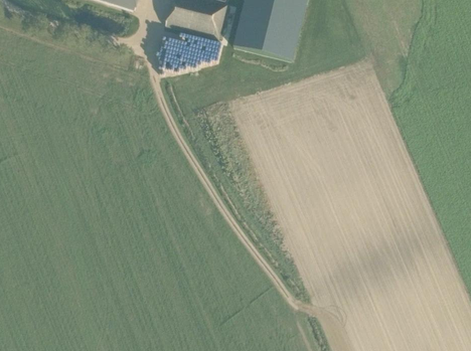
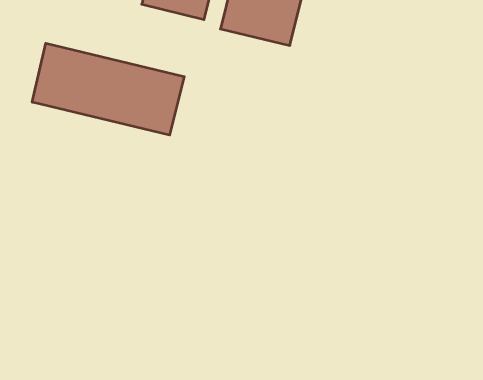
building: none -> [32,43,184,135]

